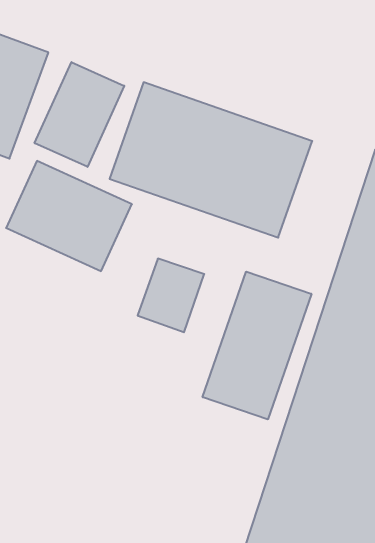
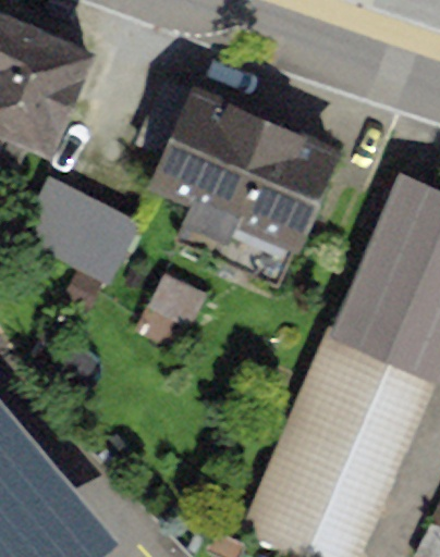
building: [35,62,124,167] -> none
building: [203,272,311,419] -> none

